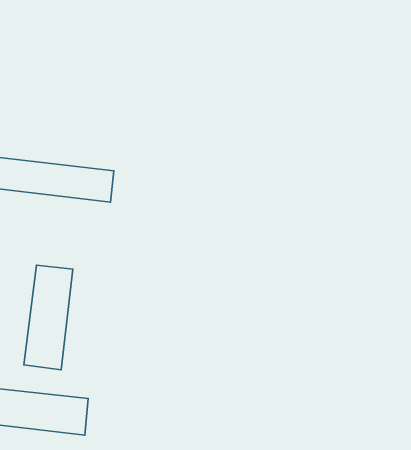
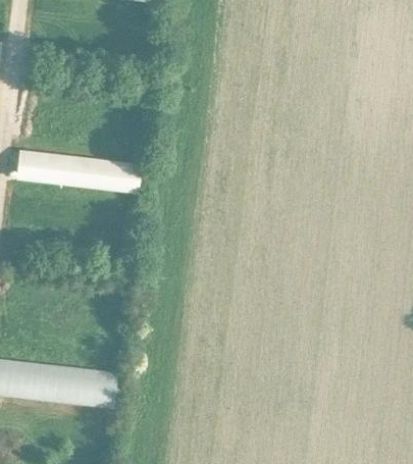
building: [24,265,73,370] -> none

